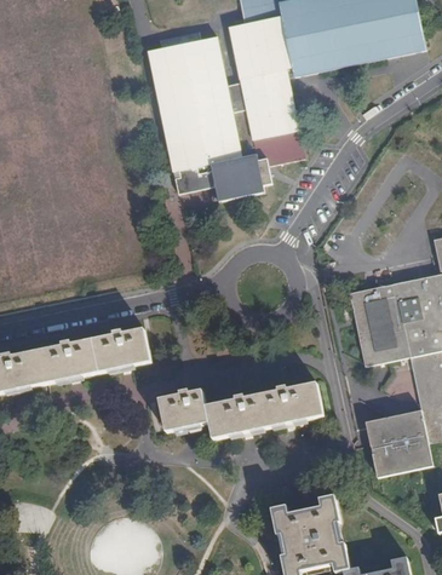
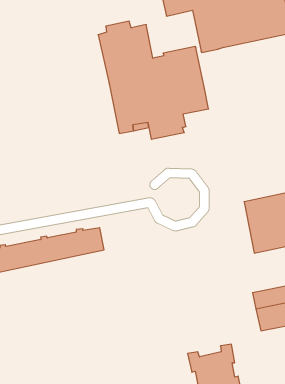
building: [226,16,289,77] -> none
building: [159,383,325,438] -> none

